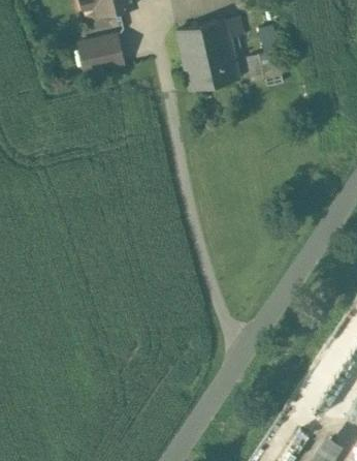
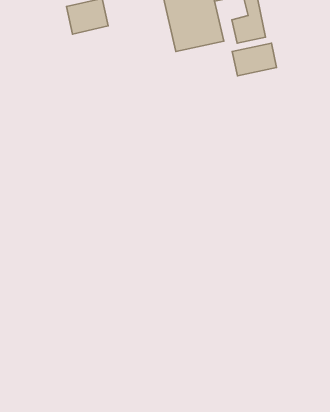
building: none -> [232,43,277,76]

